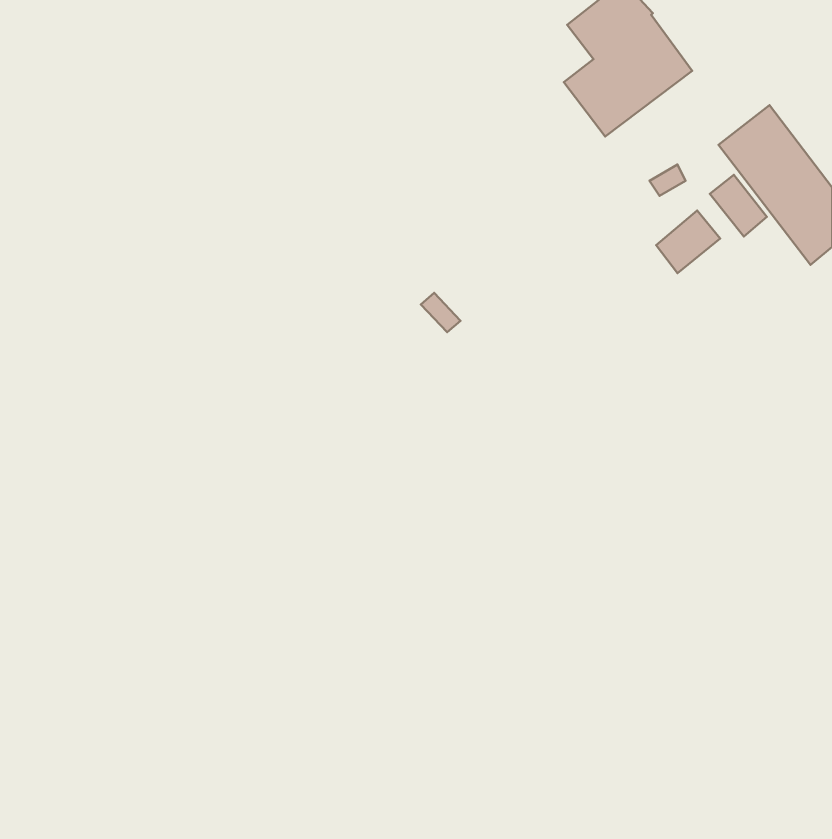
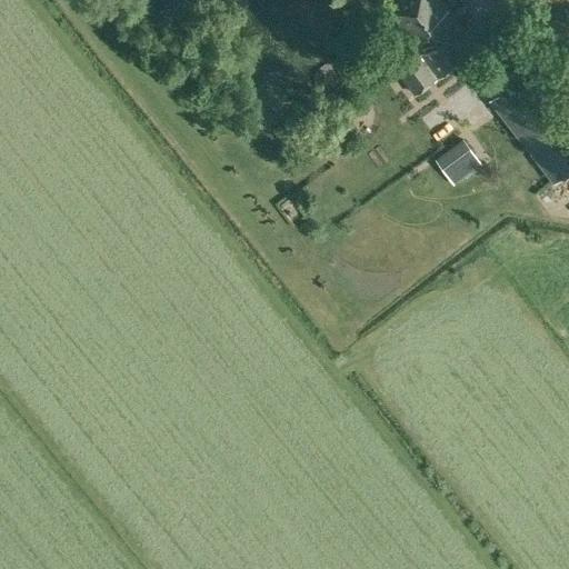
building: [710,175,767,236] -> none

